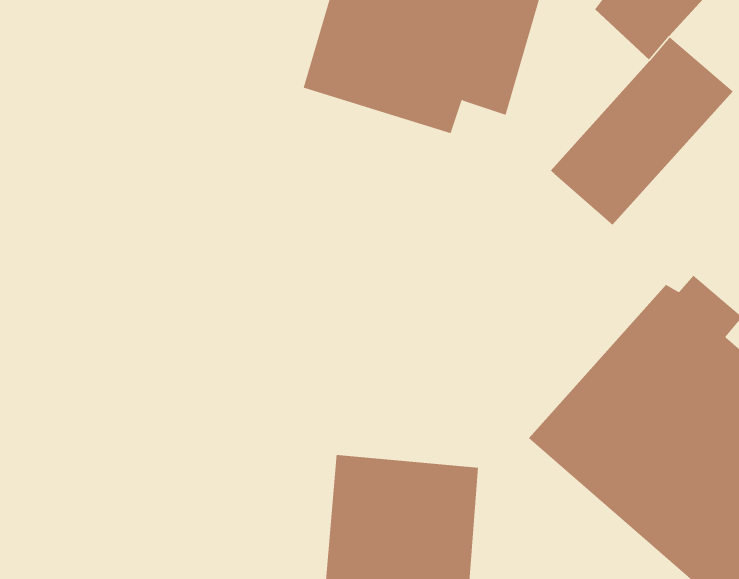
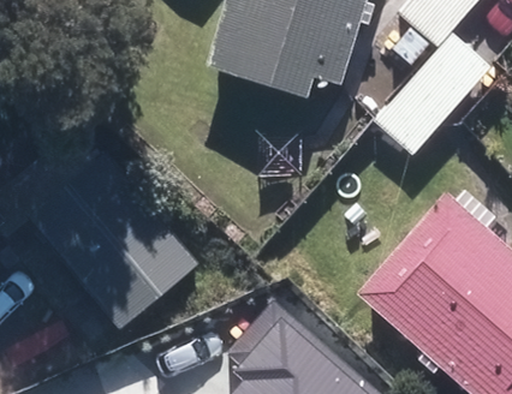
building: none -> [32,151,200,328]

